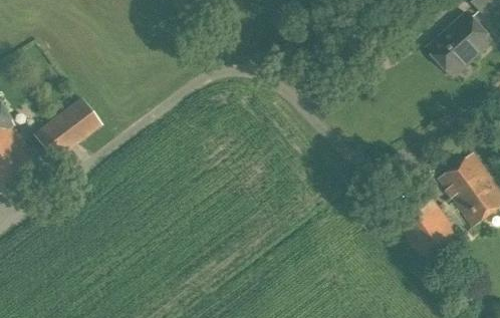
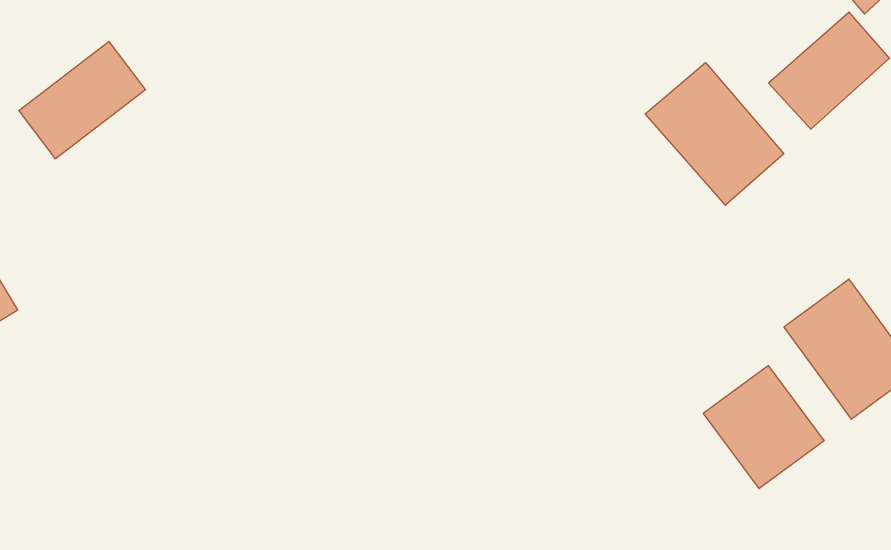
building: none -> [645,63,784,205]
building: [33,97,99,158] -> [19,42,146,159]

